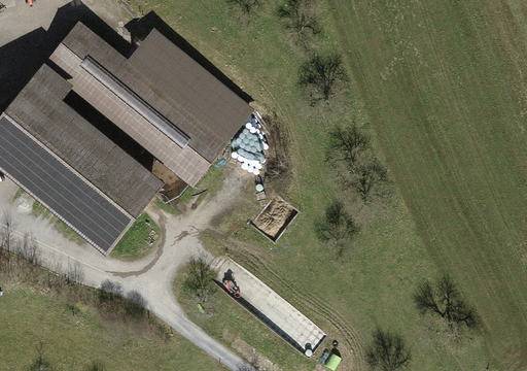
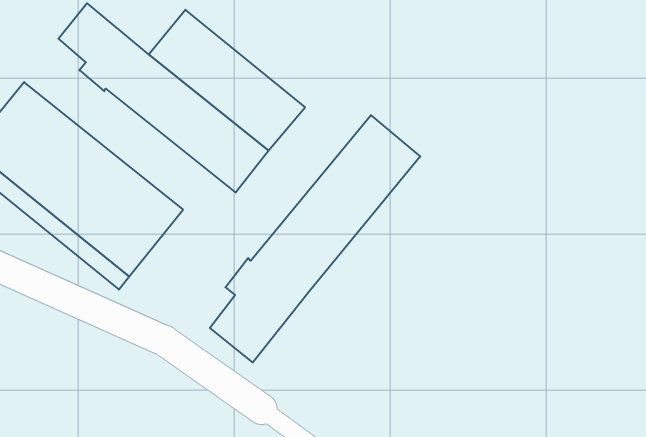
building: [28,53,194,187] -> none
building: none -> [210,115,420,362]

